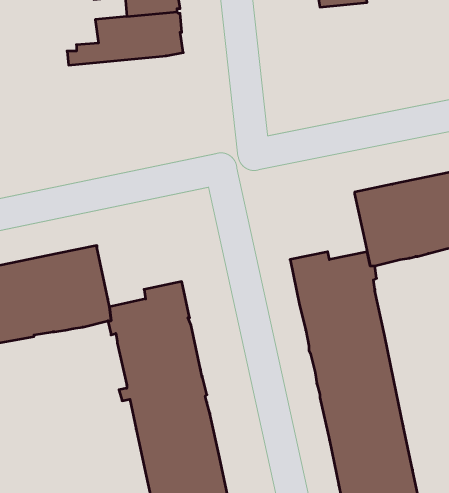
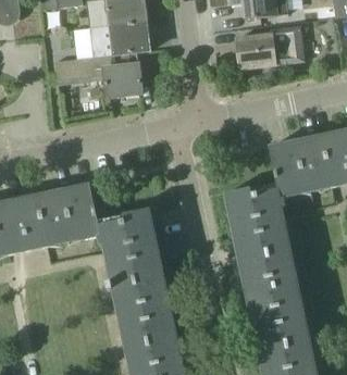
building: none -> [236,25,305,67]
building: none -> [55,51,142,97]

